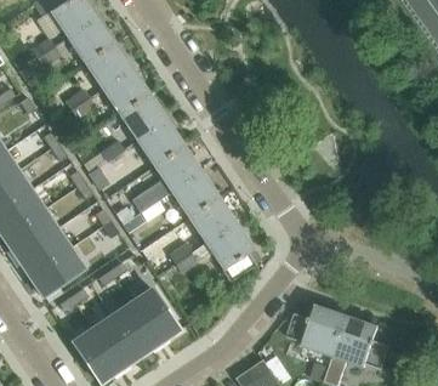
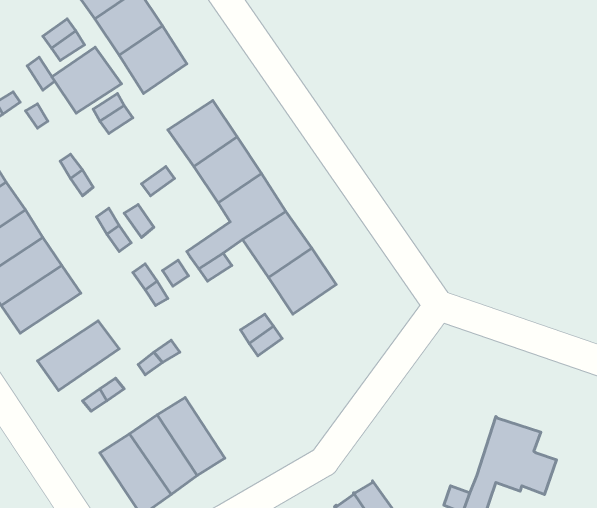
building: [102,68,150,114] -> [52,47,121,113]
building: [206,222,254,279] -> none
building: [16,228,70,276] -> none
building: [131,286,180,344] -> none
building: [288,303,348,356] -> none

